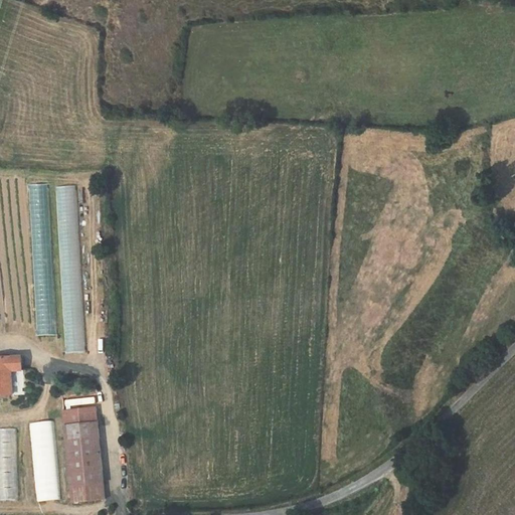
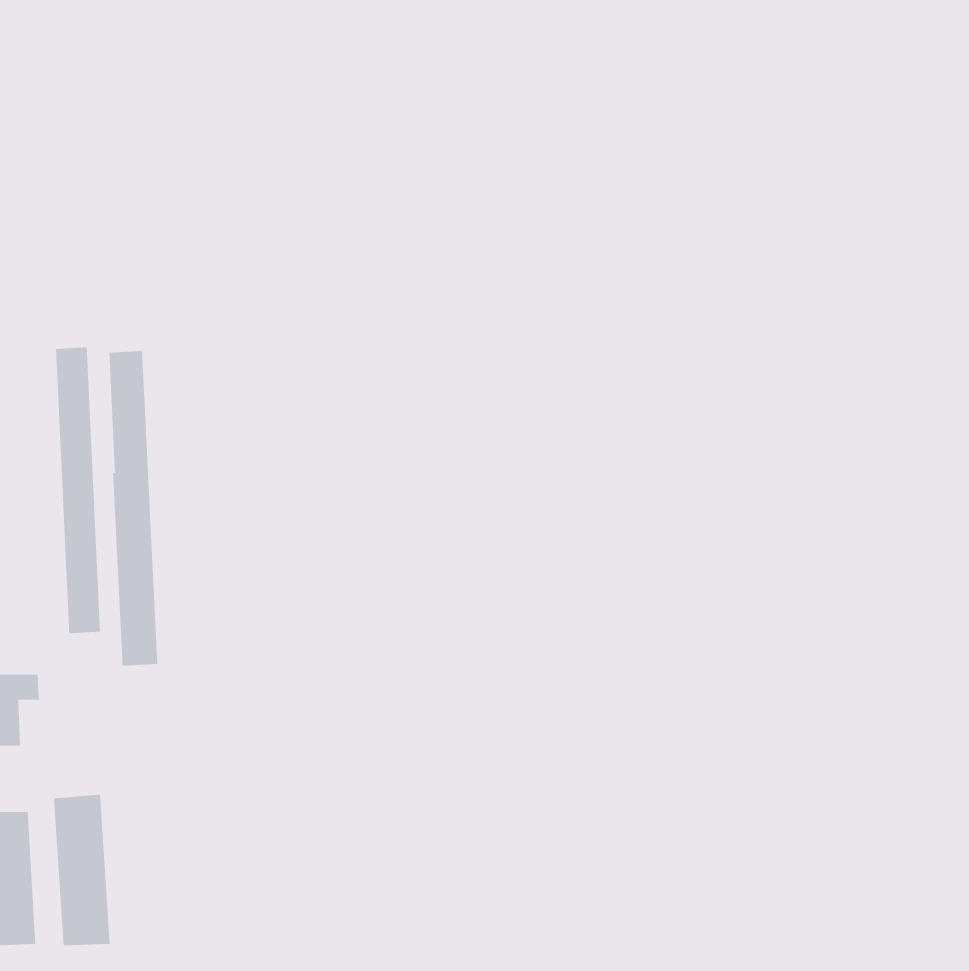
building: [62,408,104,503] -> none

